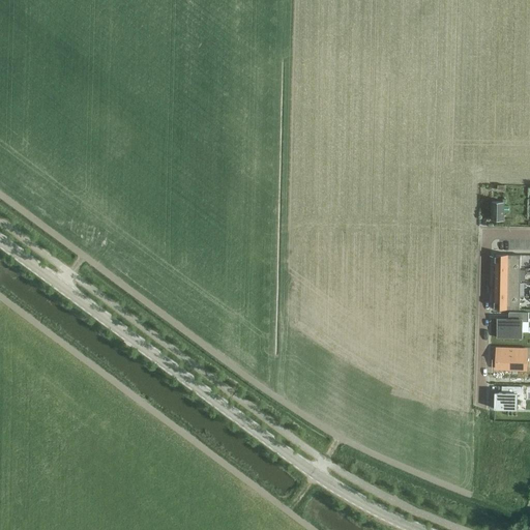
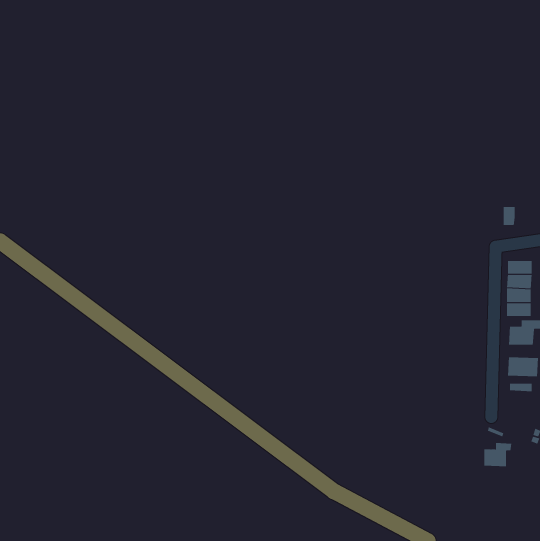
building: [496,386,524,410] -> [484,443,512,467]

